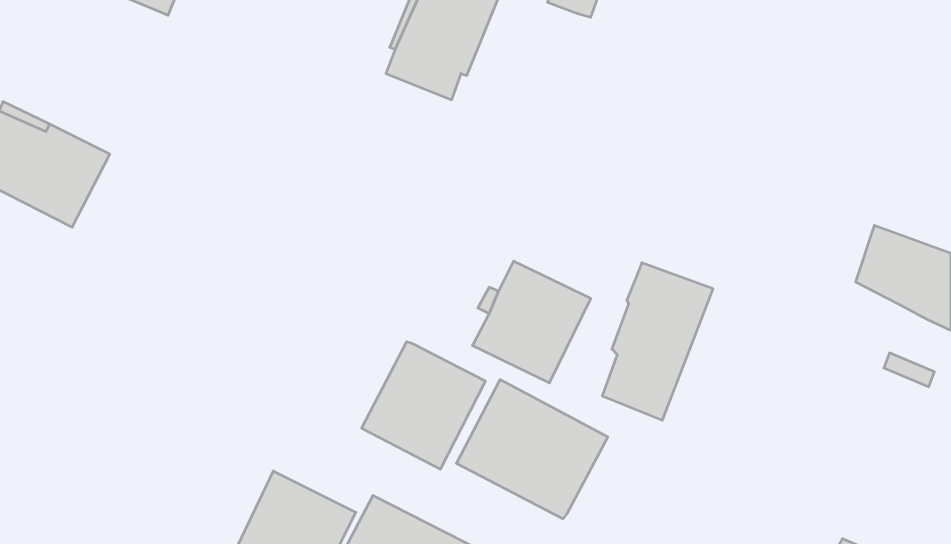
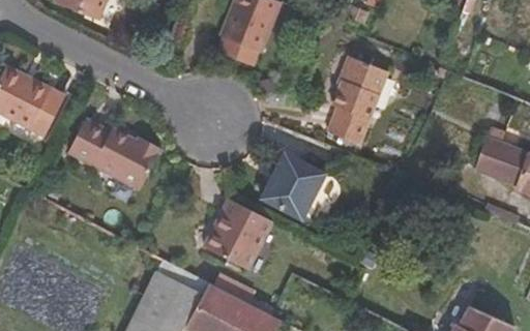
building: none -> [68,118,159,189]
building: [602,263,713,420] -> [327,57,388,144]
building: [456,380,608,519] -> none

